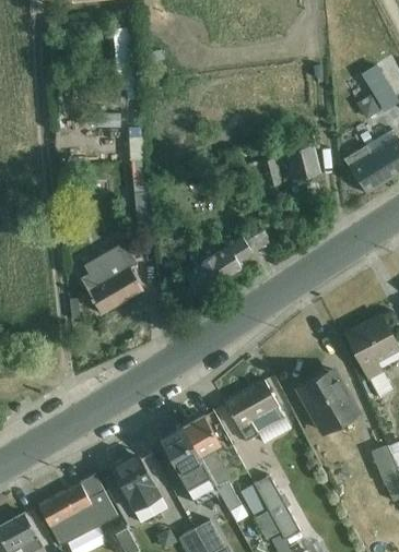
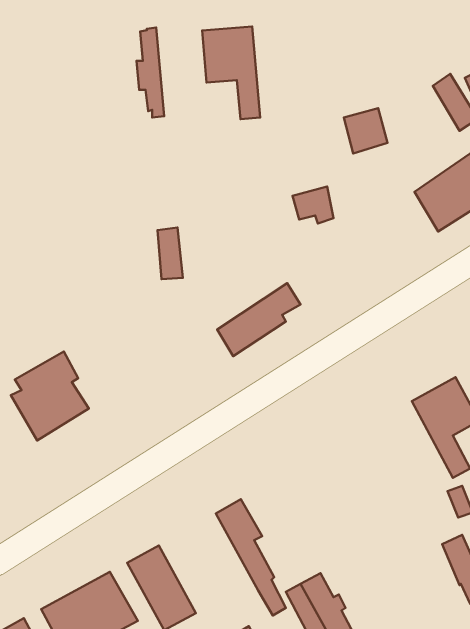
building: none -> [202,27,260,119]
building: [284,144,320,181] -> [344,108,387,153]
building: [80,242,144,315] -> [11,352,89,440]
building: [300,370,357,433] -> none
building: [224,381,291,444] -> none
building: [160,427,218,504] -> none

